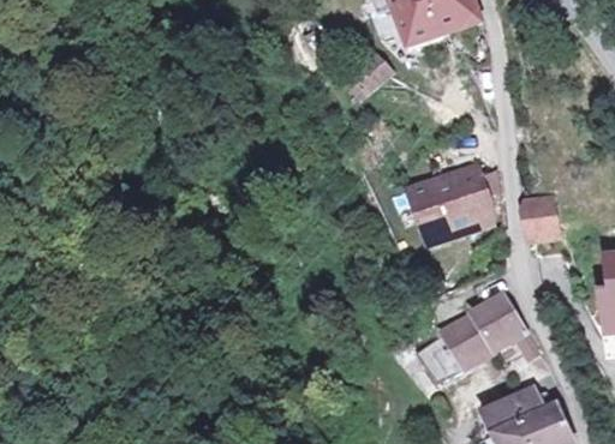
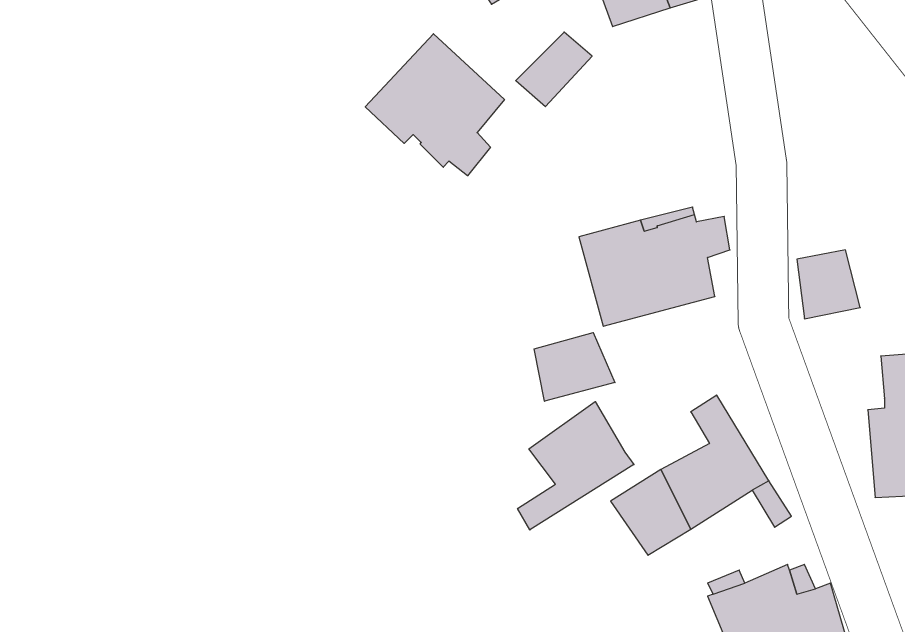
building: none -> [365,34,504,176]
building: none -> [534,333,615,401]
building: none -> [518,402,634,530]

